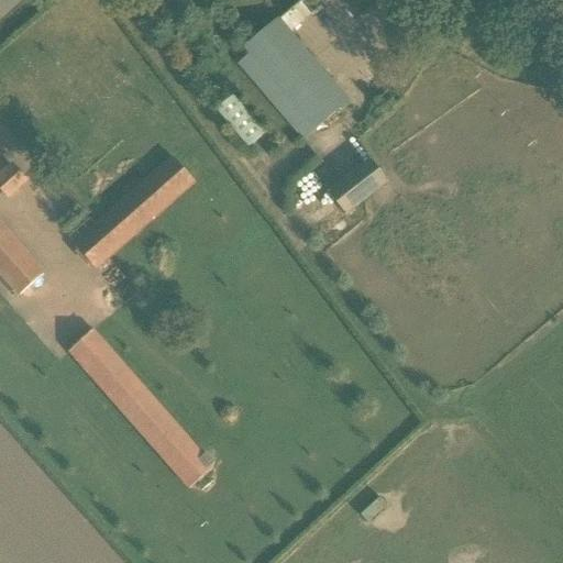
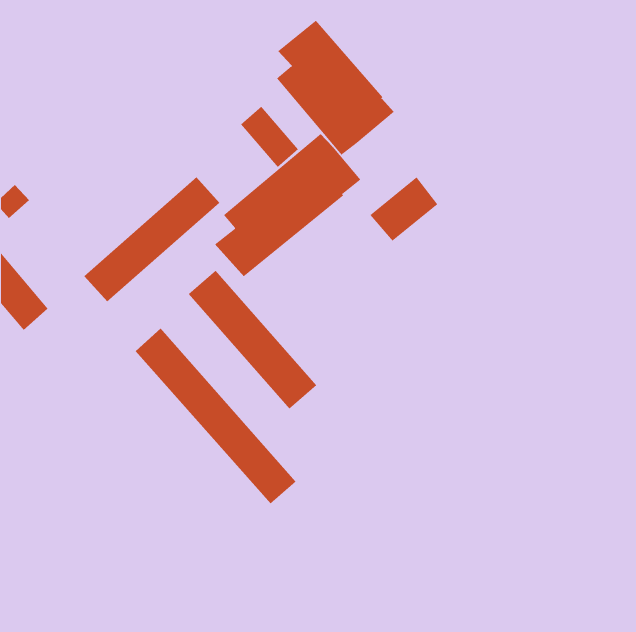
building: none -> [214,133,361,277]
building: none -> [188,270,317,409]
building: [69,329,212,485] -> [135,327,296,504]

